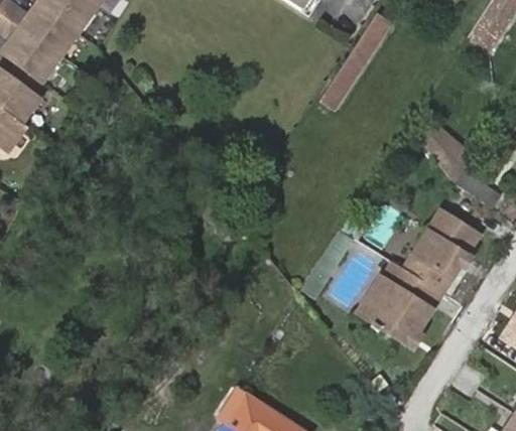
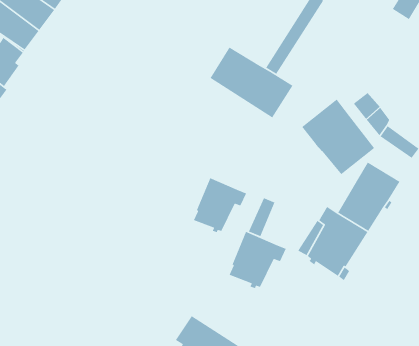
building: none -> [209,47,294,119]
building: none -> [301,99,375,175]
building: none -> [193,177,247,233]
building: none -> [229,231,287,289]

